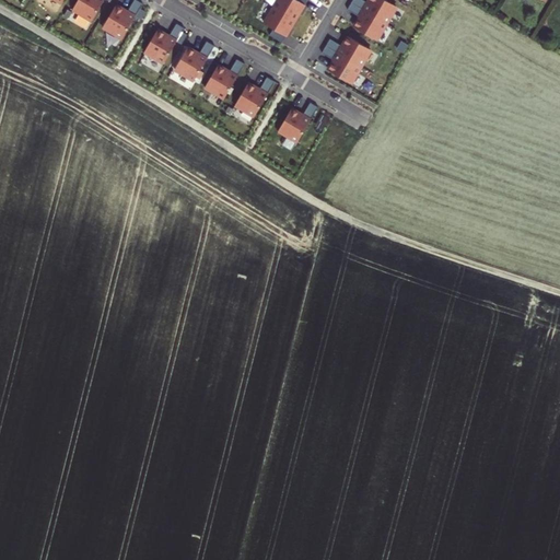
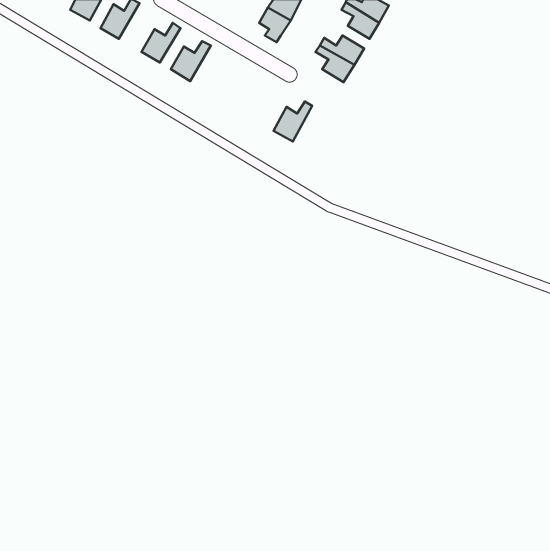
building: [203,59,243,100] -> none
building: [233,77,273,117] -> none

